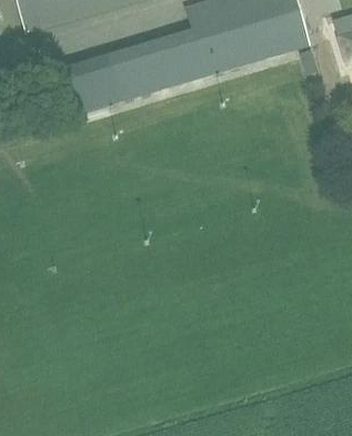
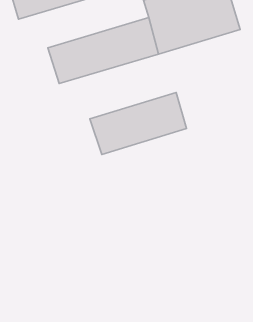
building: none -> [90,93,187,154]

